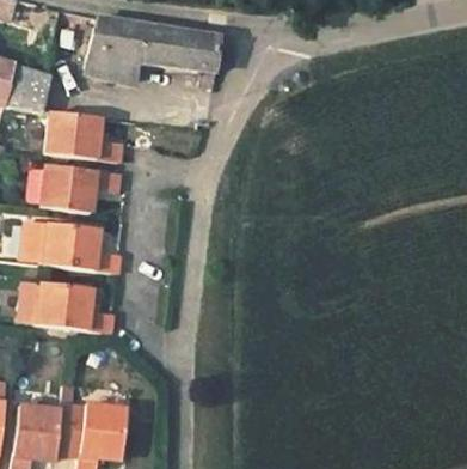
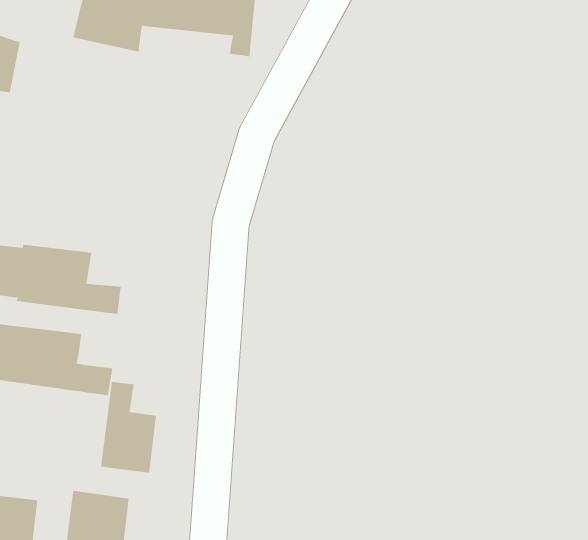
building: [44,110,122,160] -> none
building: [39,164,119,212] -> none
building: none -> [101,381,157,473]

